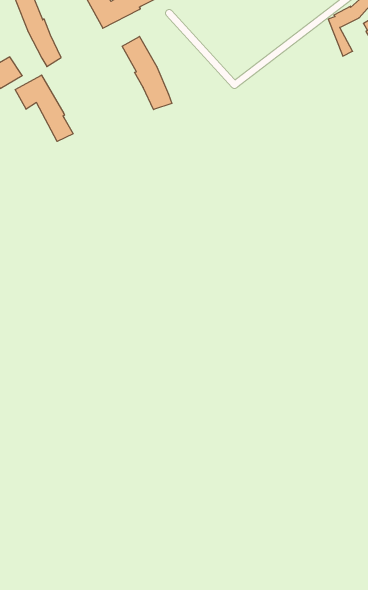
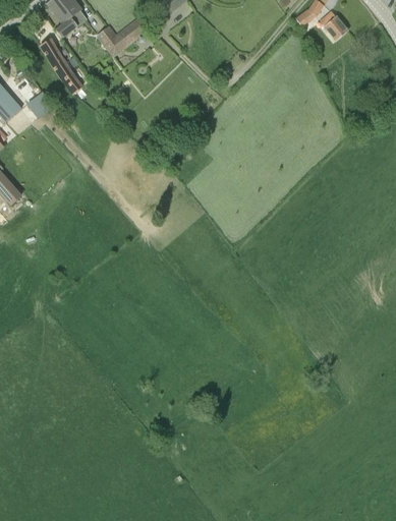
building: [122,36,172,110] -> none
building: [15,75,73,141] -> none

